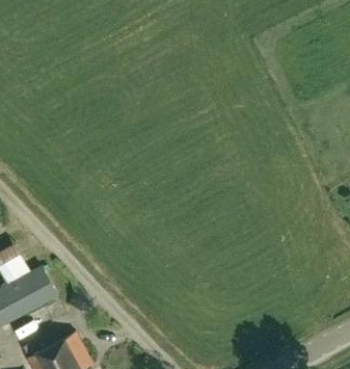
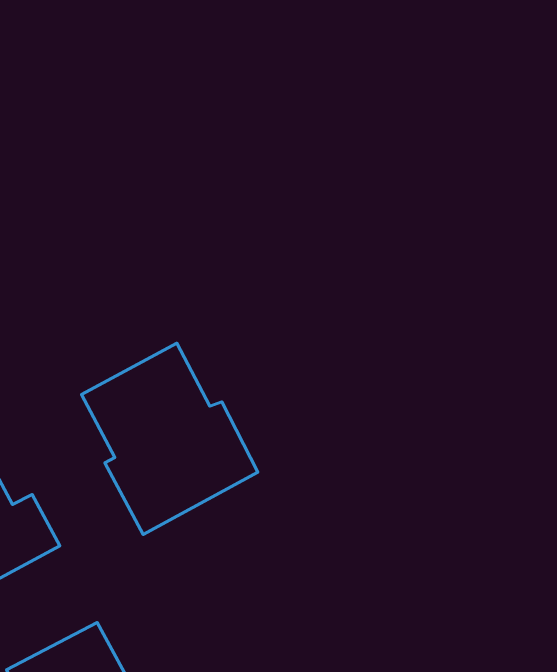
building: none -> [82,343,258,535]

